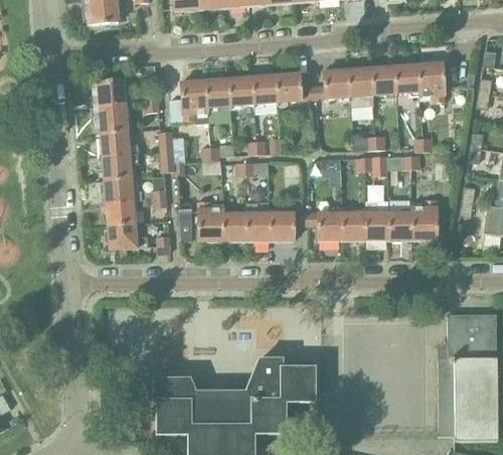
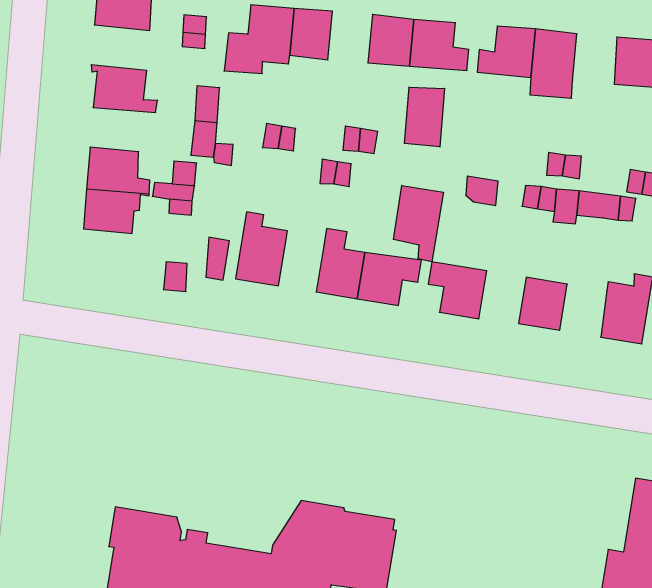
building: [371,65,397,95] -> none
building: [229,75,255,106] -> none
building: [95,106,129,131] -> none
building: none -> [404,87,445,147]
building: [102,152,139,178] -> none
building: none -> [393,185,443,262]
building: [342,211,365,240] -> none
building: [389,211,413,239] -> none
building: [224,212,246,240] -> none
building: [108,223,149,249] -> none

